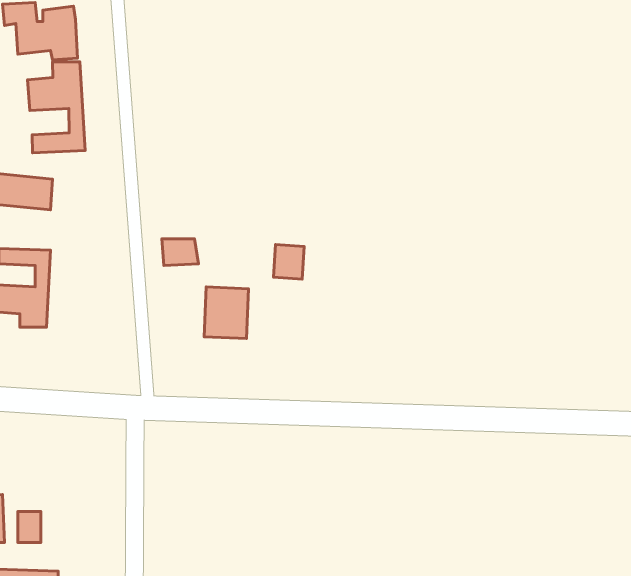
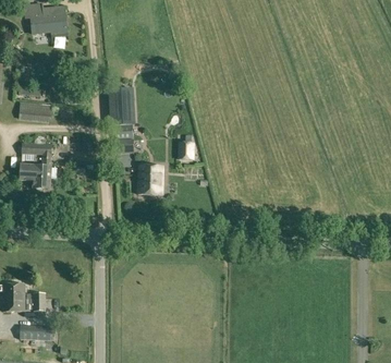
building: [27,62,85,153] -> none
building: none -> [110,88,134,124]

